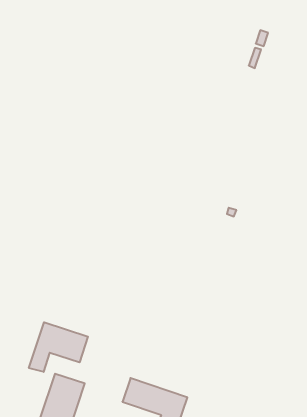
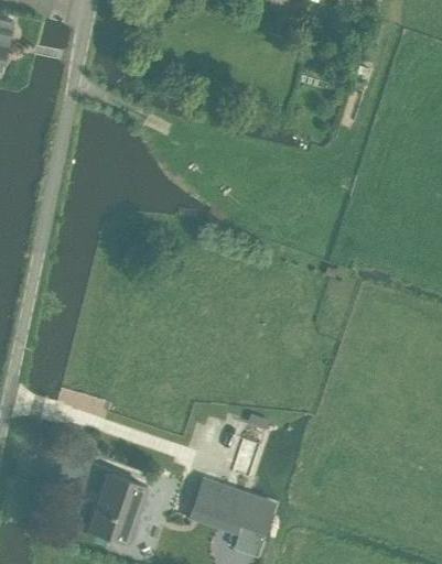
building: [29,322,88,372] -> none

